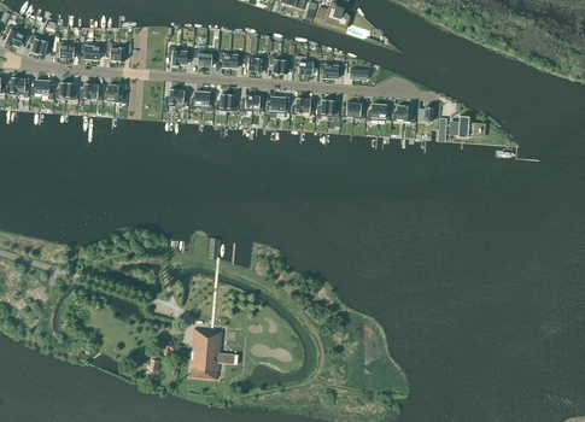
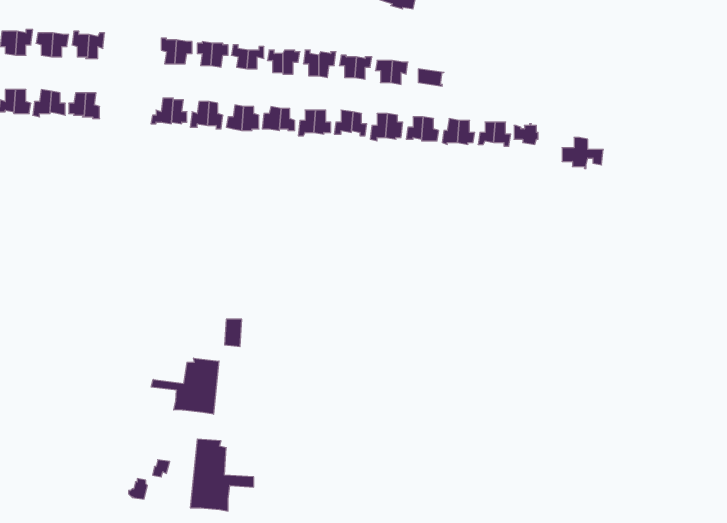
building: none -> [151,358,219,414]

